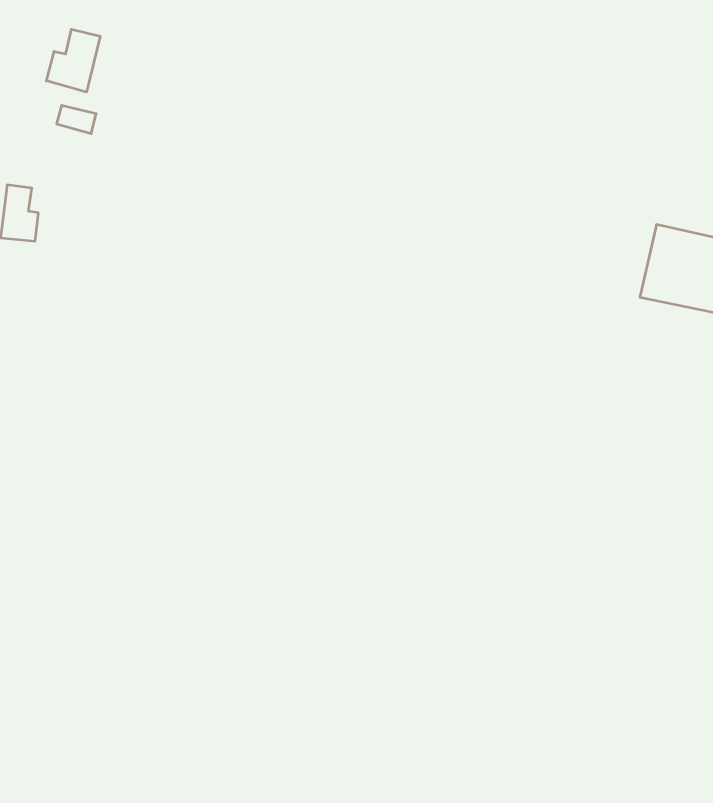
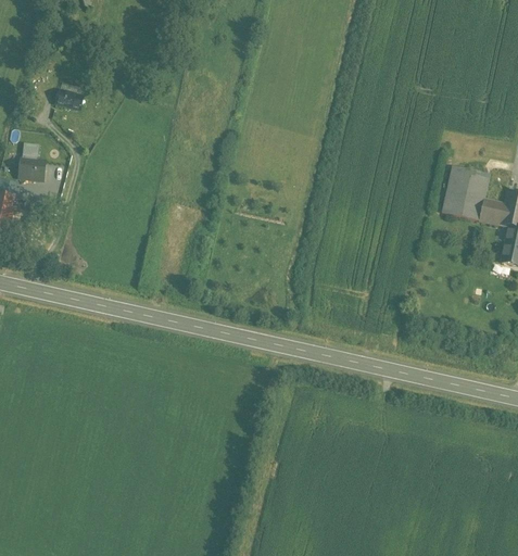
building: [46,29,100,92] -> none

